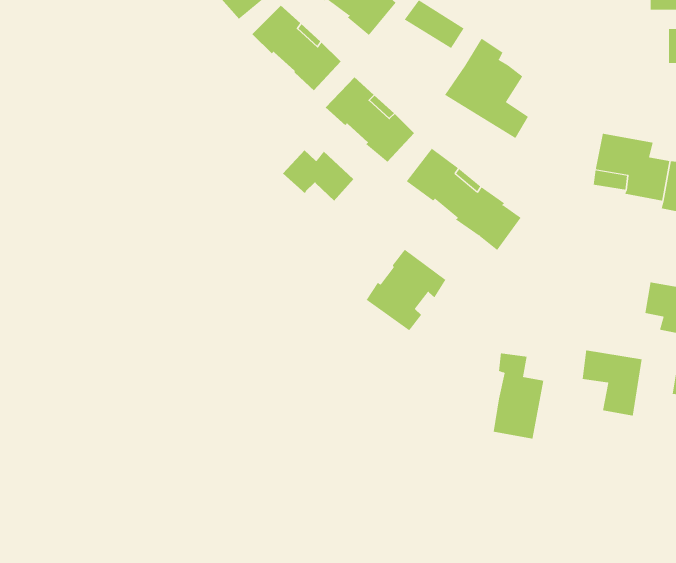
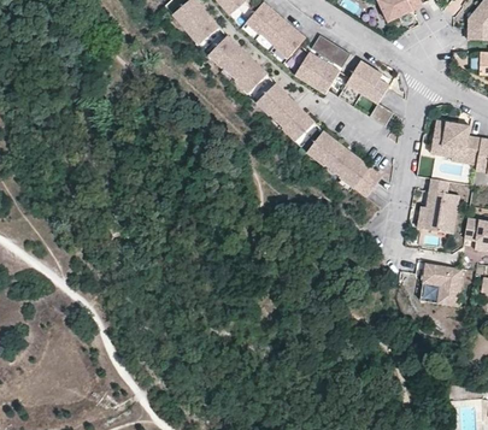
building: none -> [292,49,336,92]
building: [282,149,354,201] -> none
building: [366,249,446,331] -> none
building: [493,353,544,439] -> [427,178,460,235]

